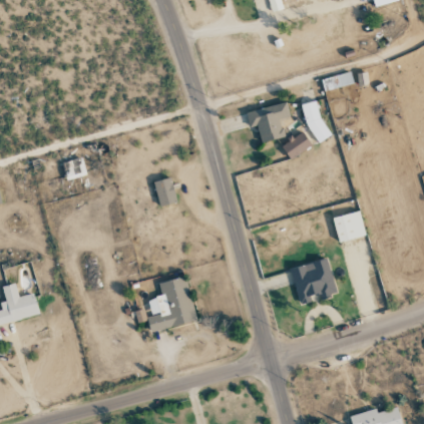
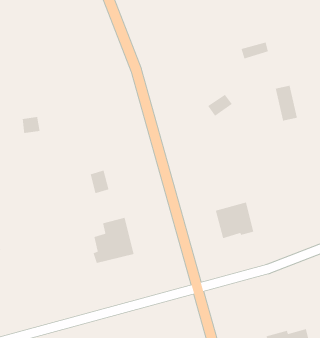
building: [300,100,327,143] -> [275,85,298,122]
building: [246,101,290,142] -> none
building: [153,177,176,206] -> [90,169,109,194]
building: [332,210,366,243] -> none

